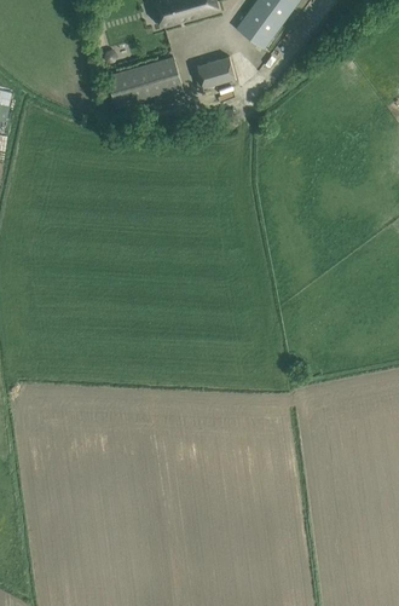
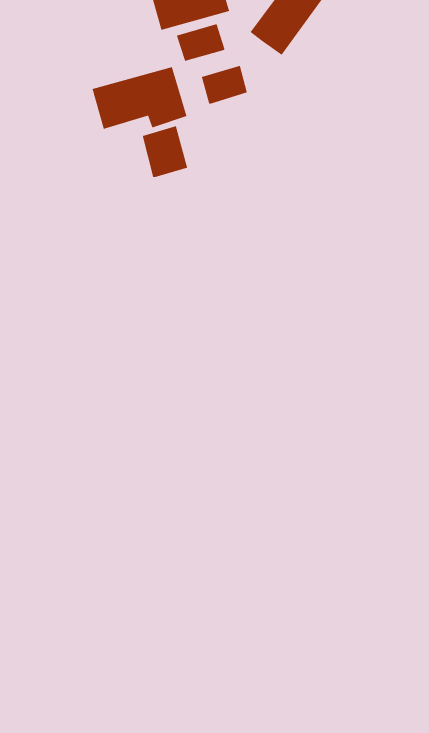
building: none -> [176,23,225,62]
building: none -> [142,125,188,178]

